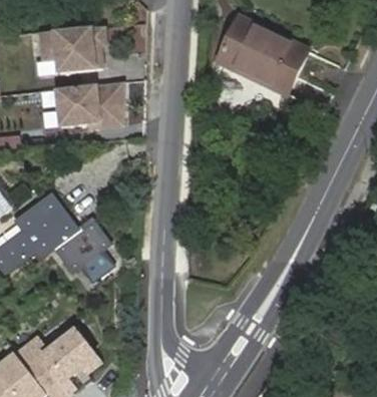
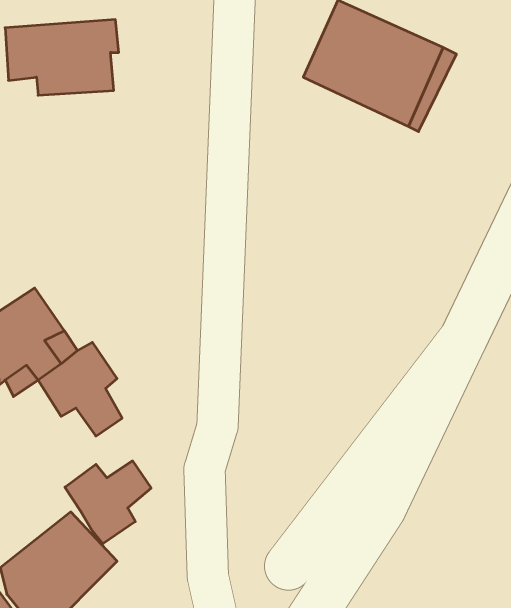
building: [54,84,121,130] -> none
building: none -> [65,461,151,544]

